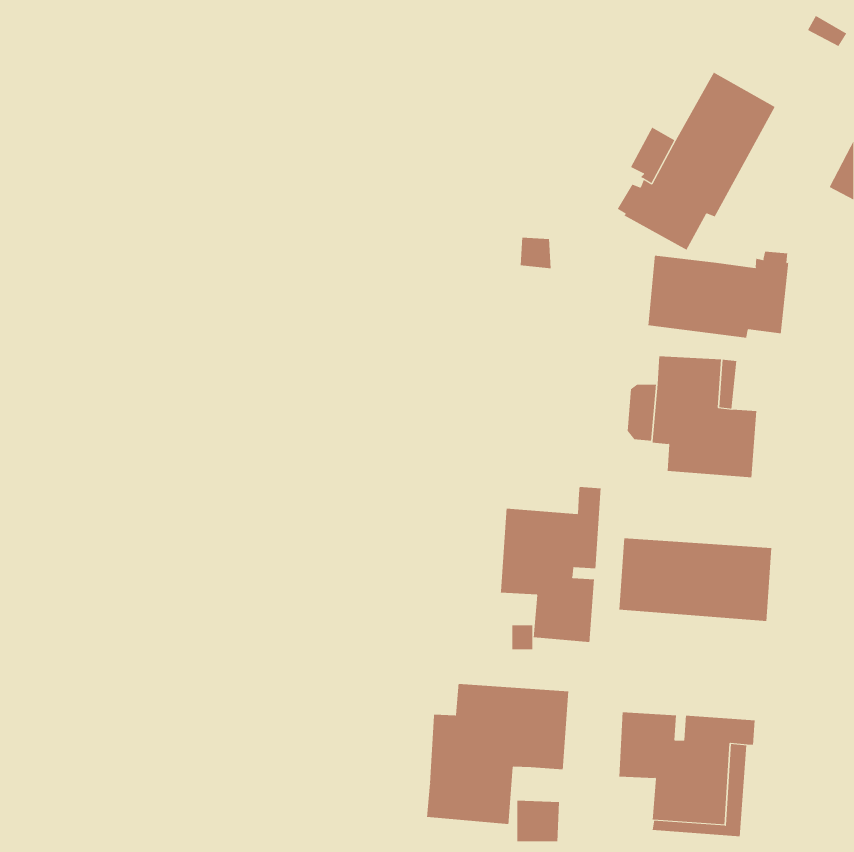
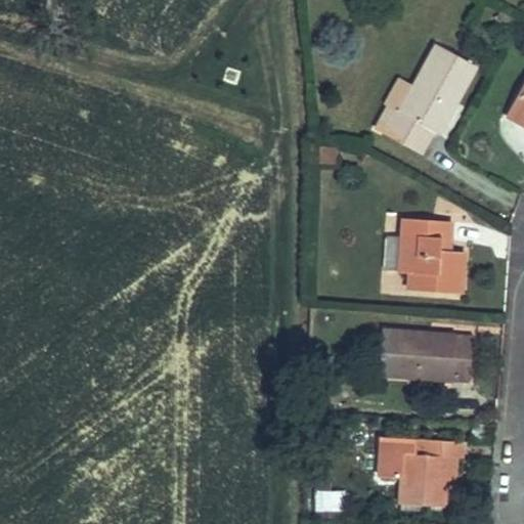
building: [648,251,789,339] -> none
building: [500,486,601,643] -> none
building: [426,683,569,825] -> none

